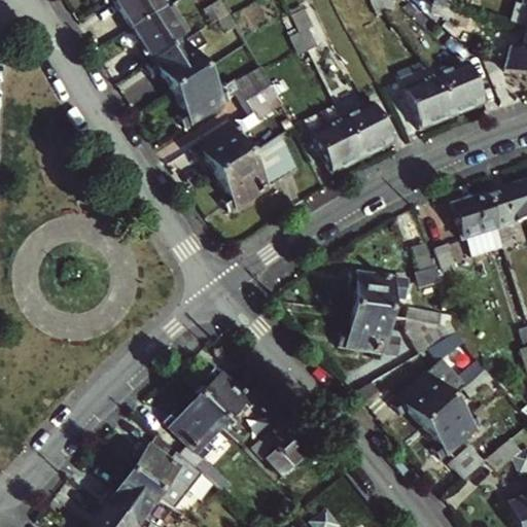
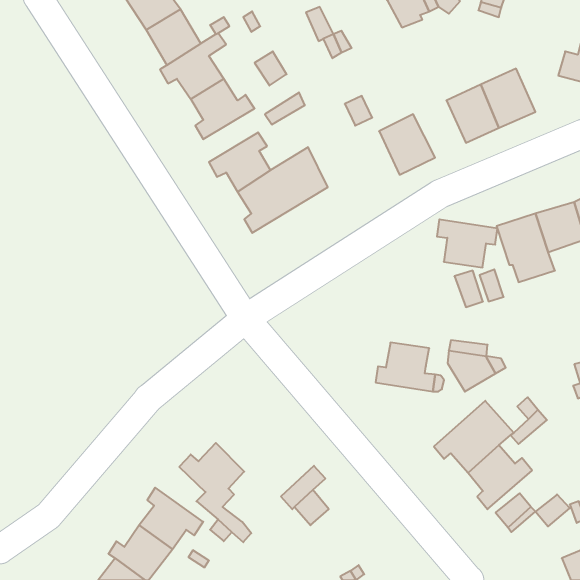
building: [314,118,363,173] -> none
building: [349,271,403,314] -> [437,219,497,267]
building: [198,367,254,425] -> none

